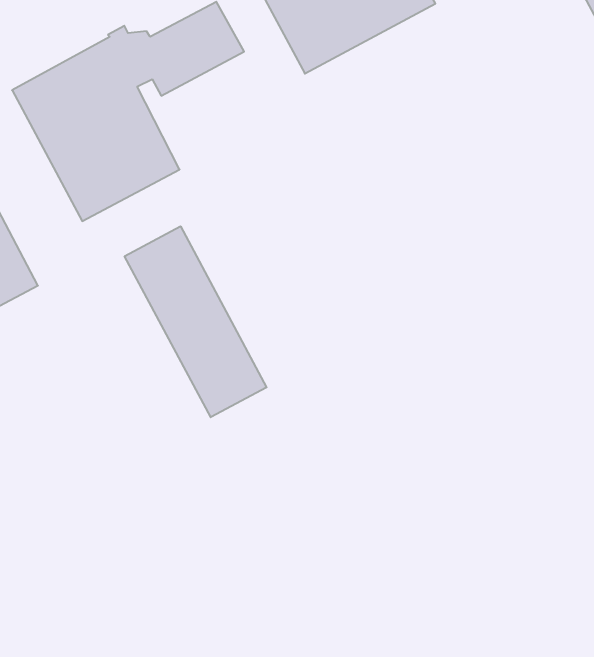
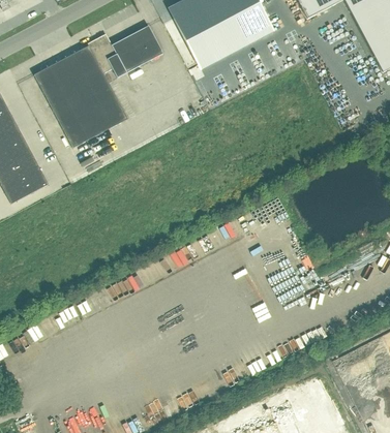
building: [125,226,267,417] -> none

